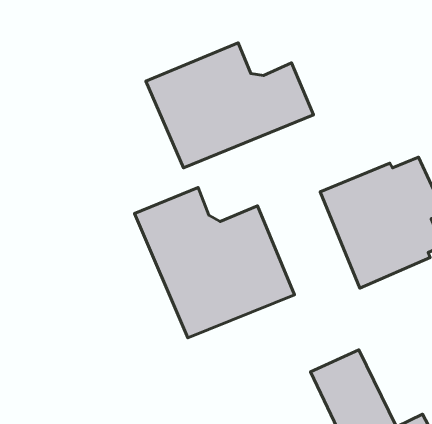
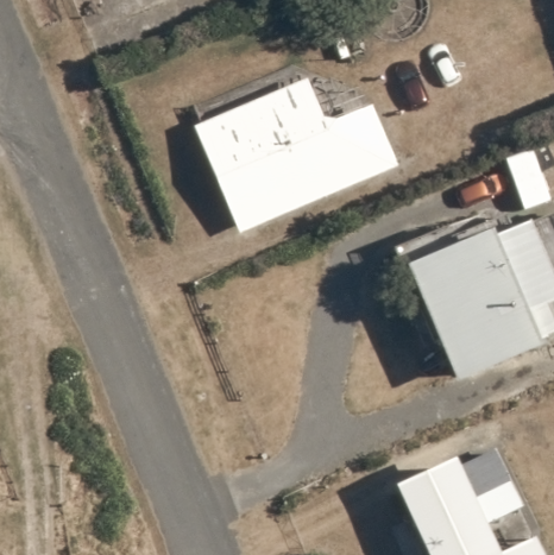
building: [135,187,295,338] -> none

